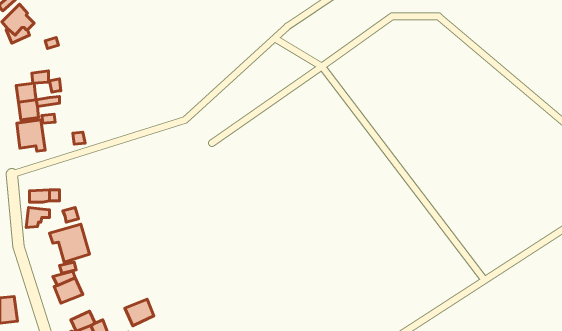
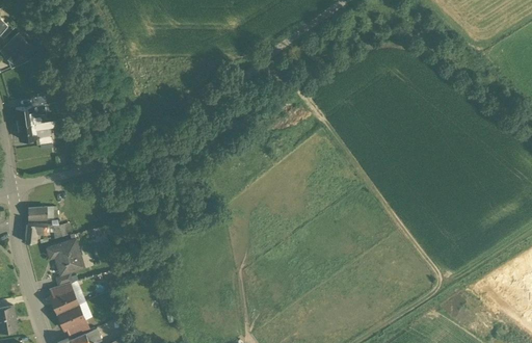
building: [17,120,45,151] -> none
building: [125,299,154,326] -> [57,306,84,331]

